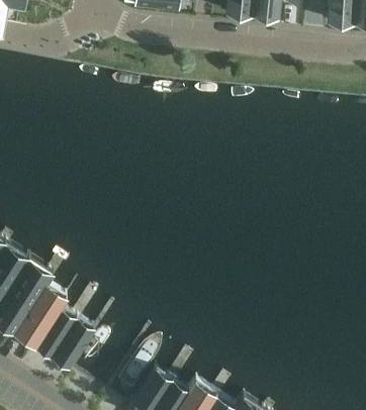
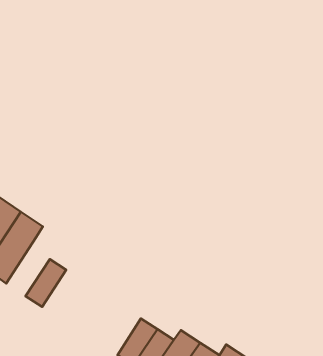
building: [13,283,66,344] -> none
building: [51,317,93,367] -> none

